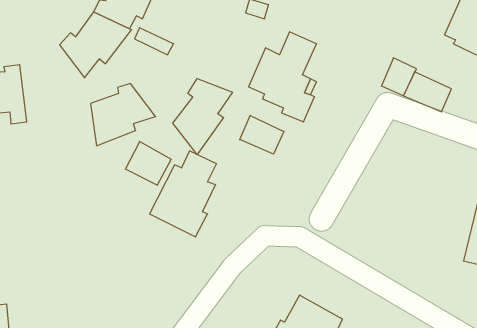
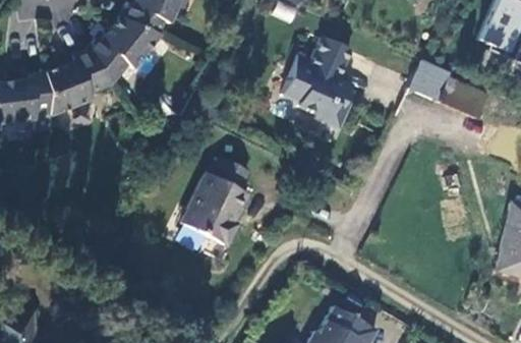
building: [173,79,233,155] -> none
building: [91,84,156,146] -> [48,49,114,112]
building: [240,115,284,154] -> none
building: [126,141,171,185] -> none

